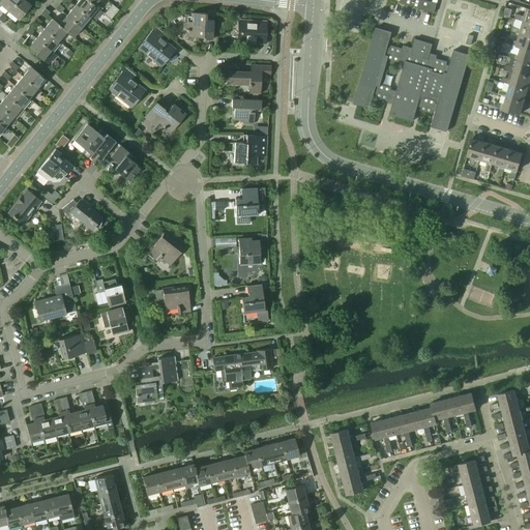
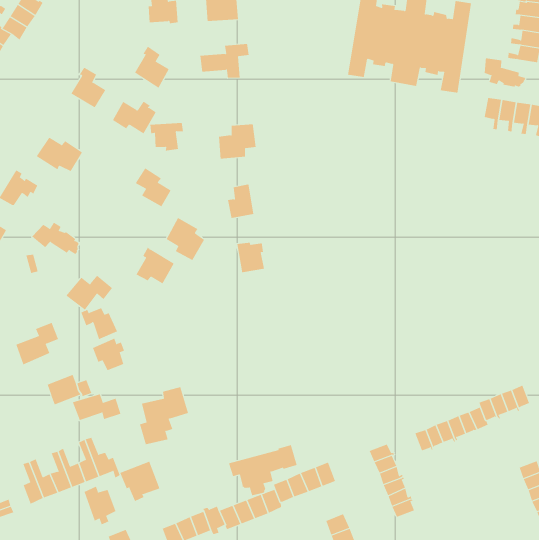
building: [142,26,173,64] -> [134,46,169,89]
building: [232,98,261,123] -> [149,123,184,151]
building: none -> [484,58,526,88]
building: [111,145,142,181] -> [135,168,172,207]
building: none -> [166,217,205,261]
building: none -> [65,275,113,310]
building: [241,284,269,322] -> none
building: [156,286,193,313] -> none
building: [213,349,273,389] -> [228,444,298,496]
building: none -> [72,393,121,421]
building: none -> [119,461,160,502]
building: none -> [84,486,116,525]

